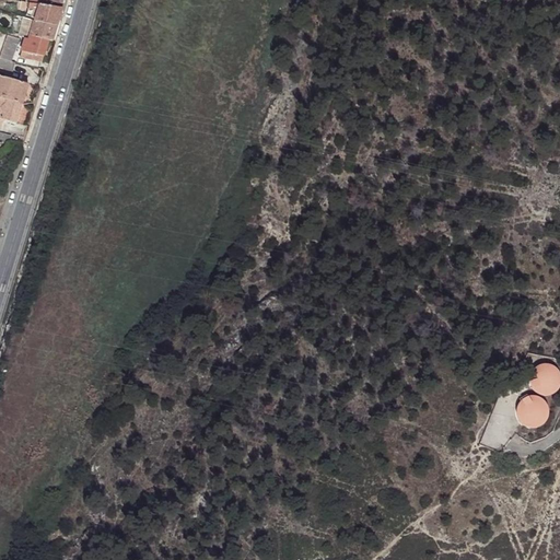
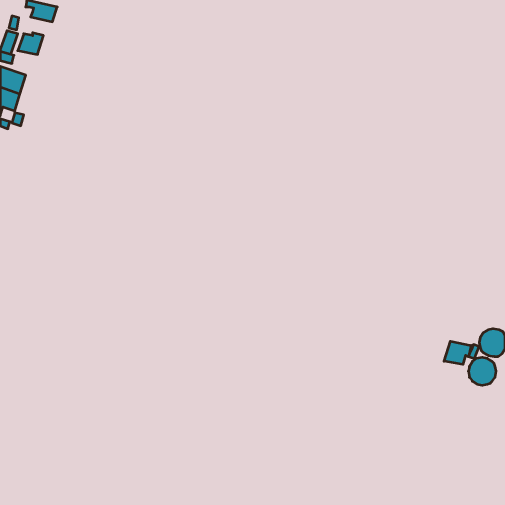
building: [22,18,58,40] -> none
building: none -> [444,341,471,364]

